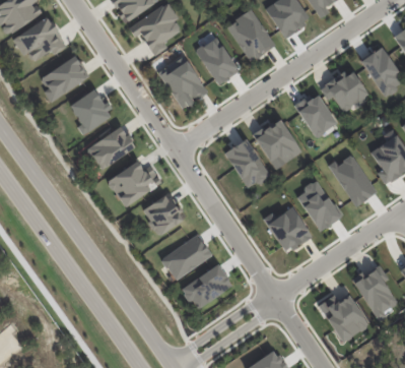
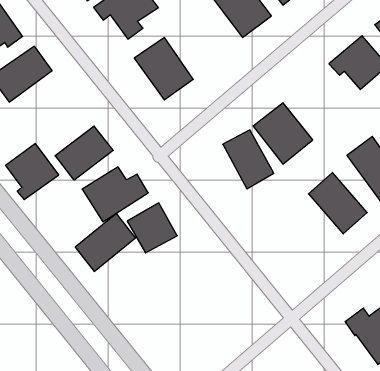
building: [196,37,240,85] -> none
building: [70,88,114,134] -> [6,144,59,200]
building: [295,93,338,138] -> none
building: [267,206,313,253] -> none
building: [161,234,212,281] -> [75,213,136,271]
building: [181,265,233,307] -> none

